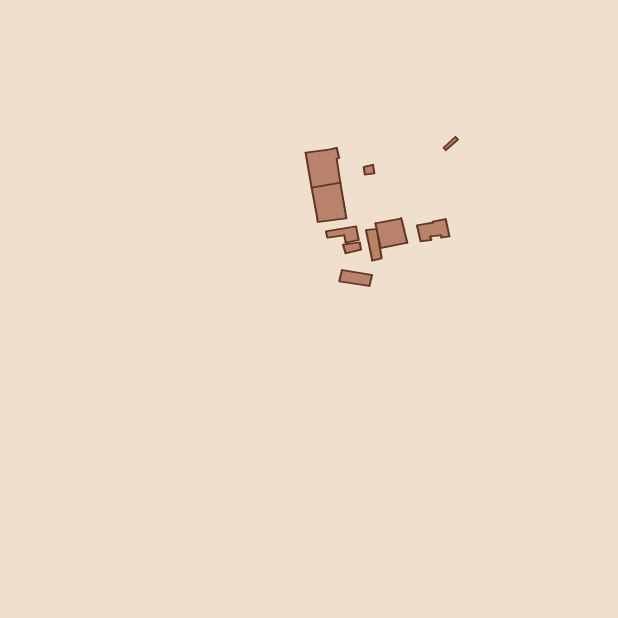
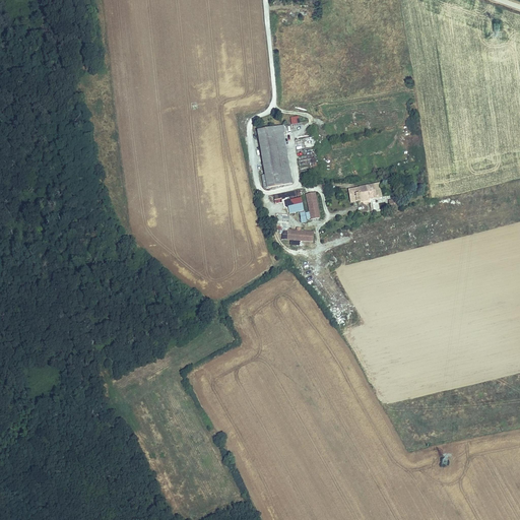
building: [376,218,407,248] -> none

